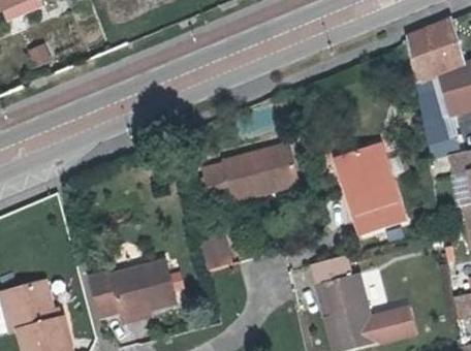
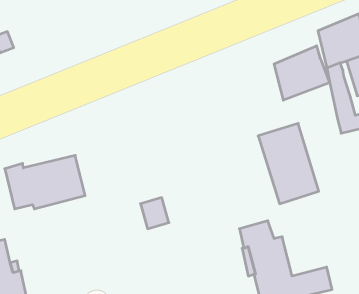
building: none -> [274,46,329,100]
building: [201,142,297,203] -> none
building: [87,260,180,322] -> [5,155,85,209]

